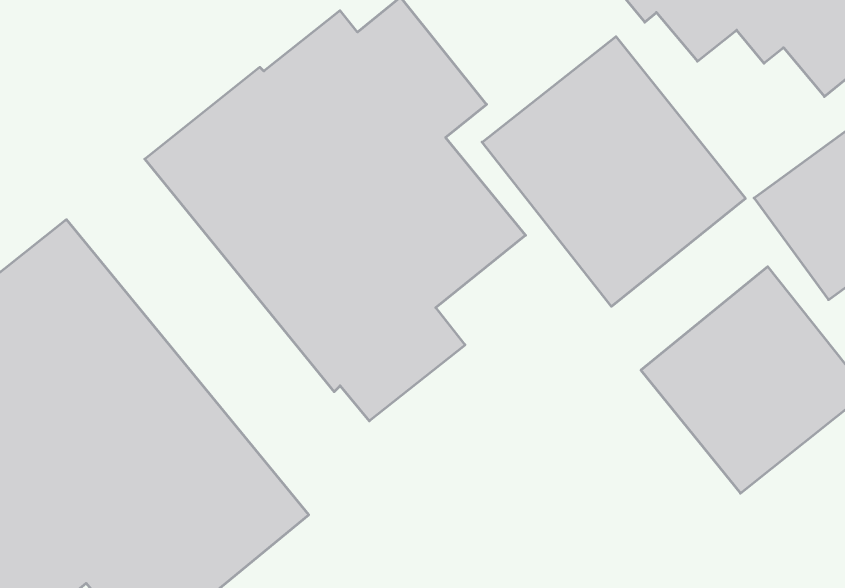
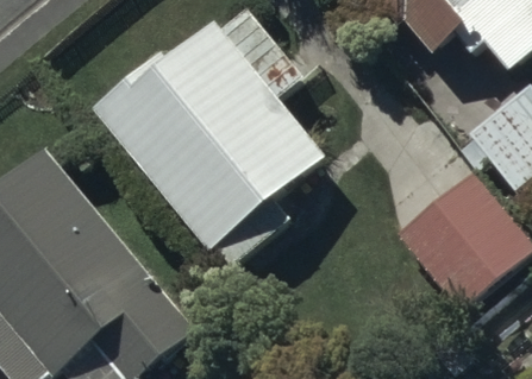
building: [482,37,745,306] -> none

